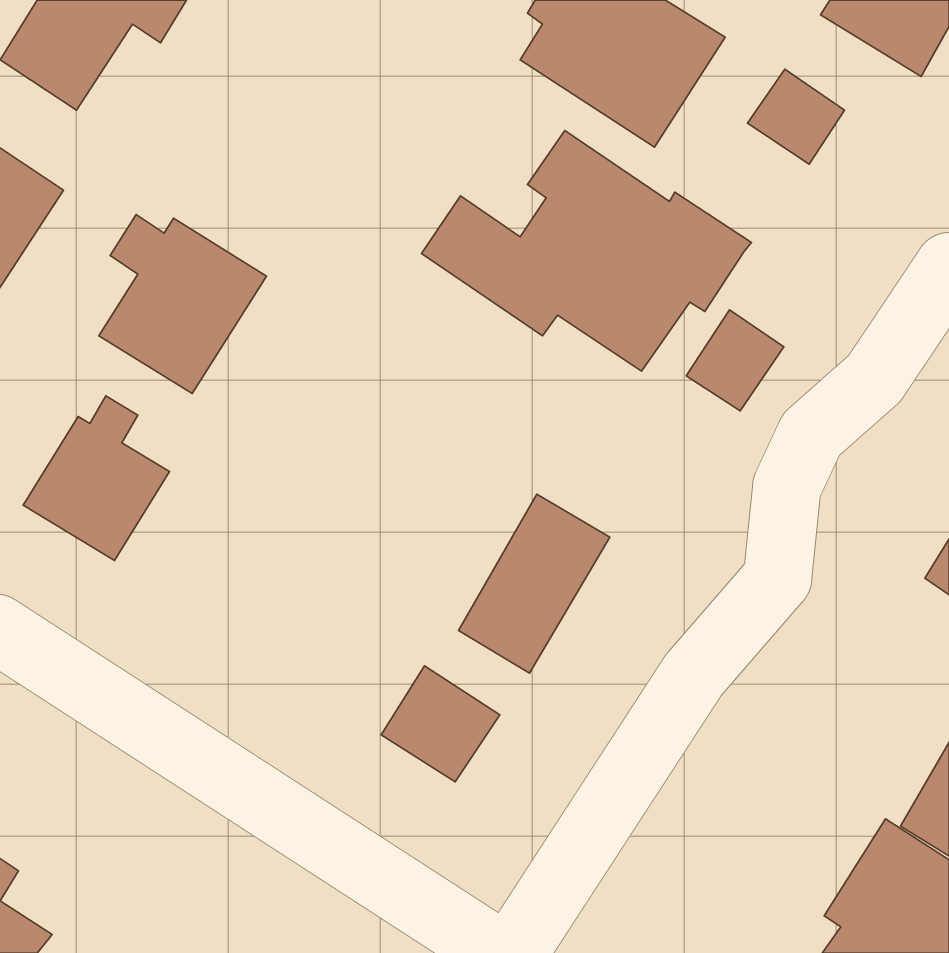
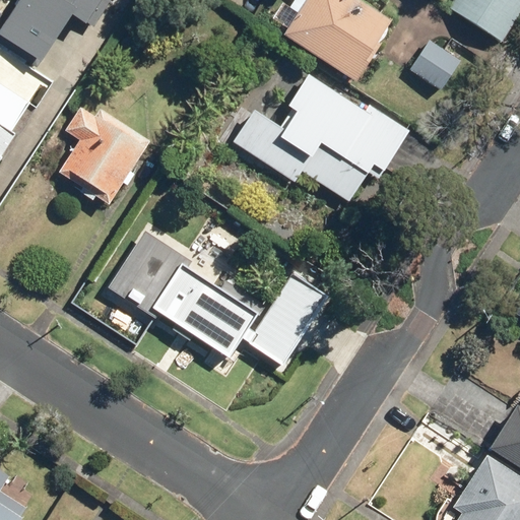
building: [686,310,784,411] -> none
building: [23,396,170,560] -> none
building: none -> [102,219,260,355]
building: [381,666,500,782] -> none

